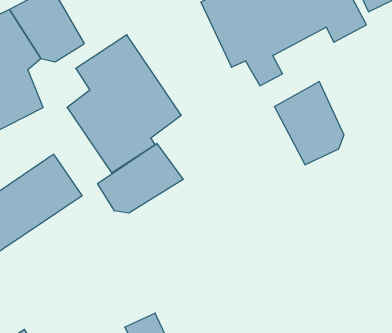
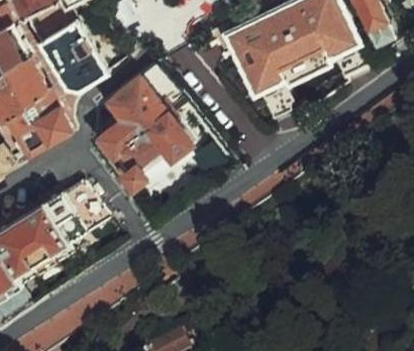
building: [275,81,344,165] -> none
building: [98,143,183,213] -> none

